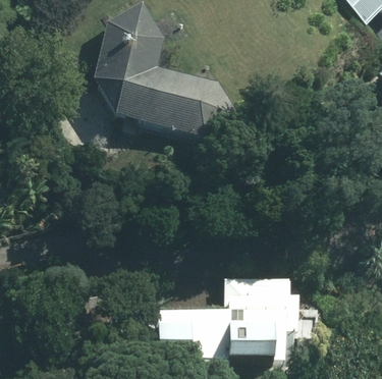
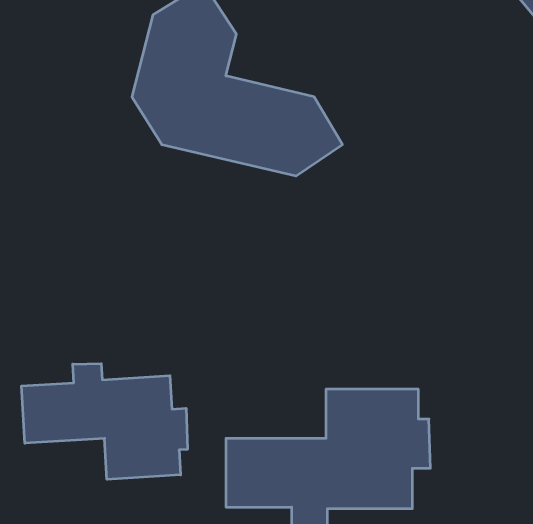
building: none -> [22,364,187,479]

